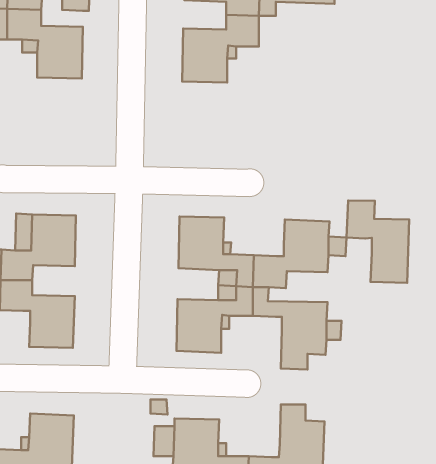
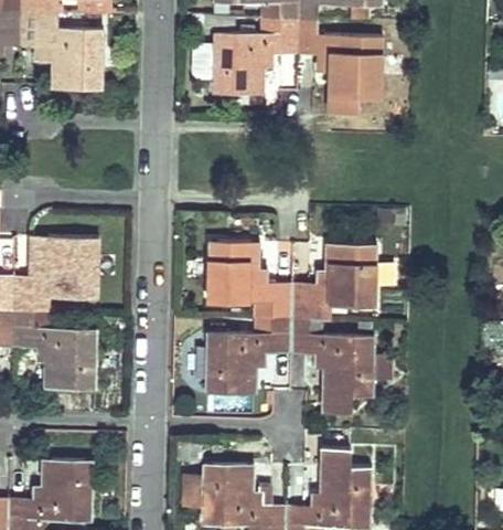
building: none -> [298,19,381,113]
building: [346,200,409,283] -> none

